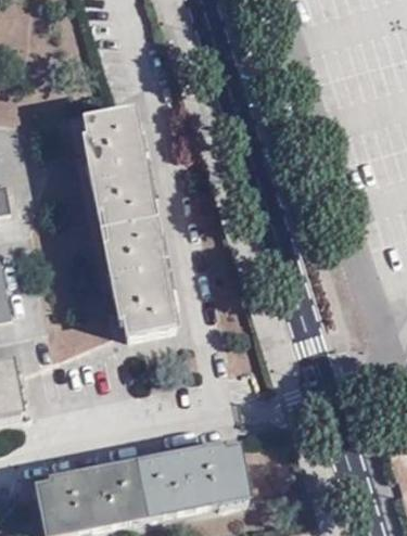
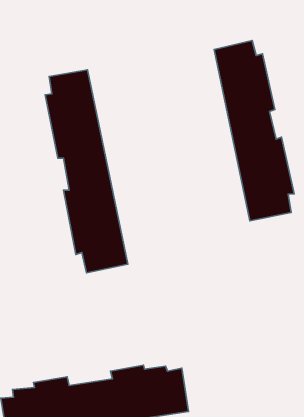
building: none -> [214,40,294,221]

